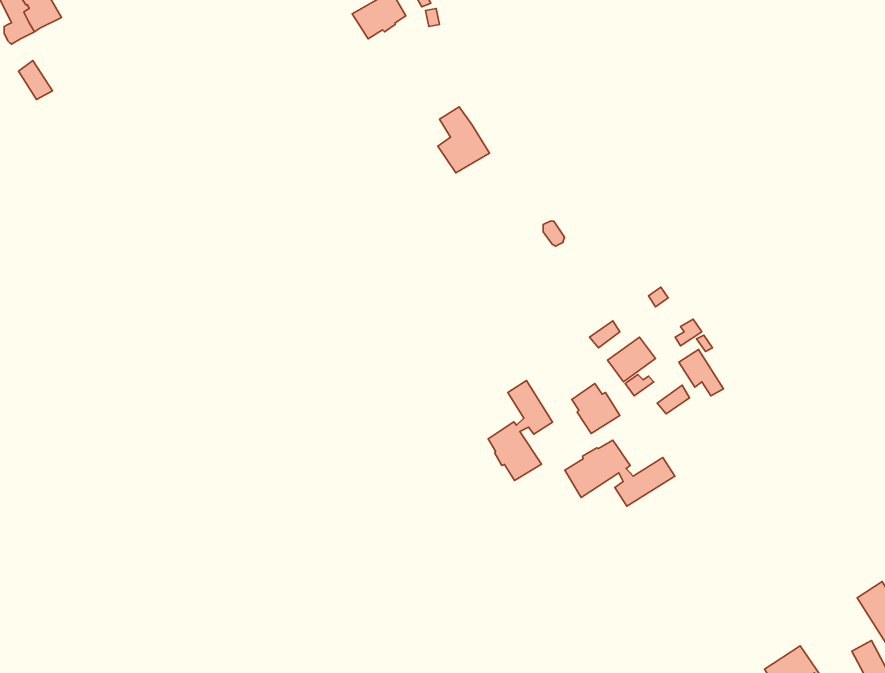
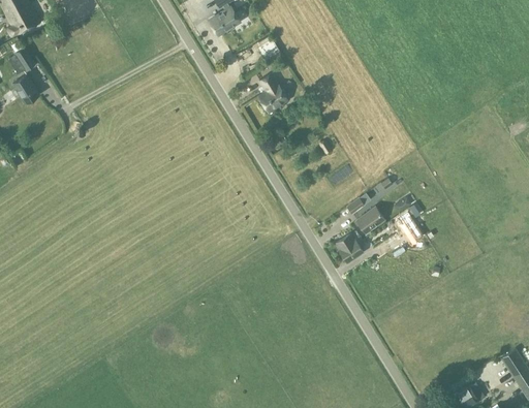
building: none -> [11,74,38,103]
building: [488,381,552,481] -> none
building: [565,440,675,506] -> none

